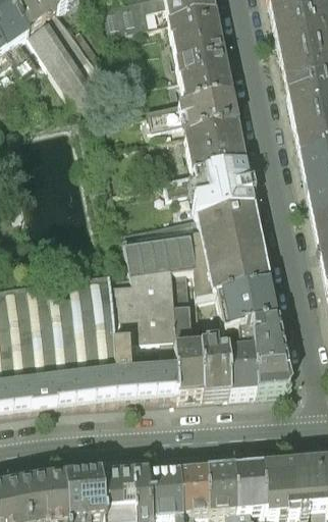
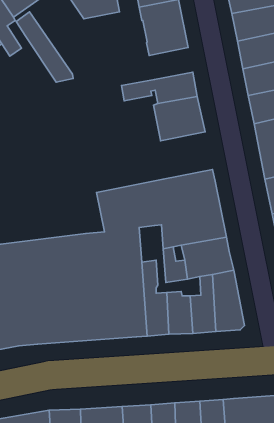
building: [180,60,230,97] -> none
building: [164,157,253,211] -> none
building: [169,264,188,306] -> none

